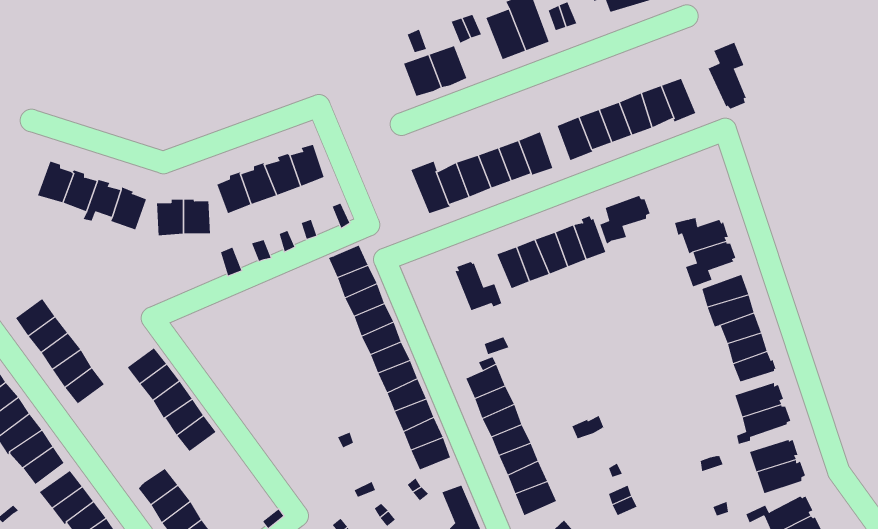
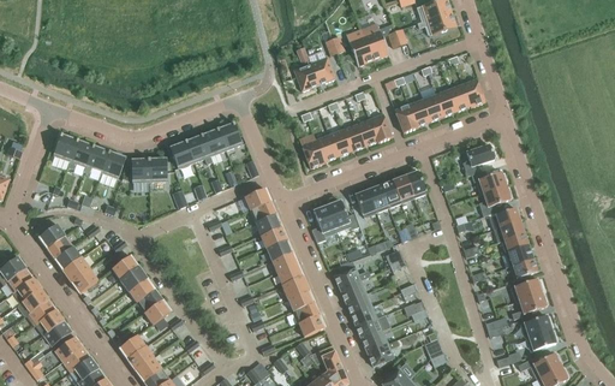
building: [708,42,747,109] -> none
building: [599,195,651,245] -> [462,143,496,176]
building: none -> [311,203,338,242]

